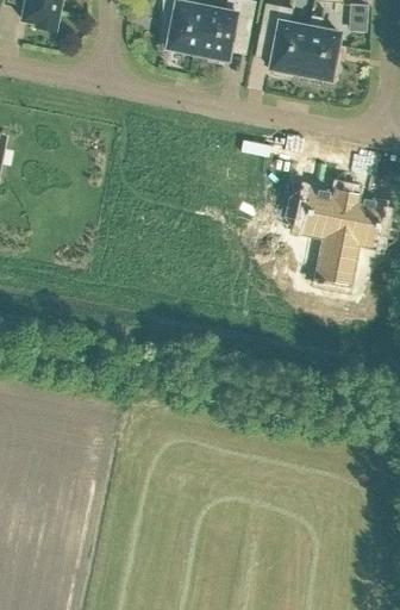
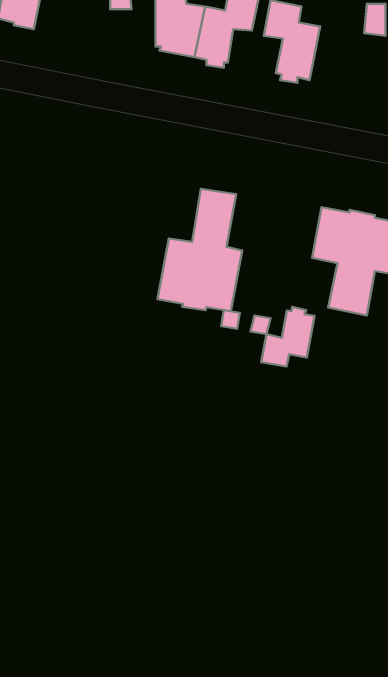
building: [299,14,339,79] -> none
building: none -> [157,189,242,311]
building: none -> [261,307,315,367]

